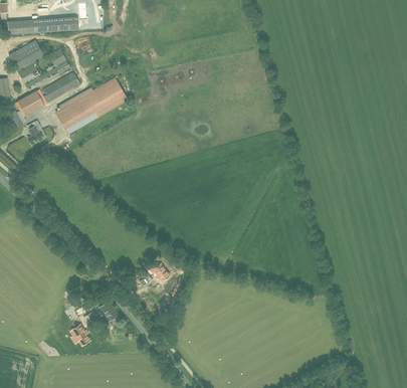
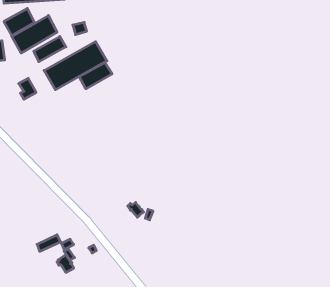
building: [8,88,46,127] -> none
building: none -> [79,62,112,89]

